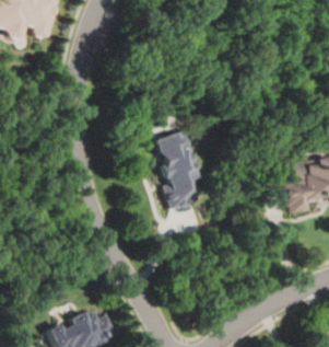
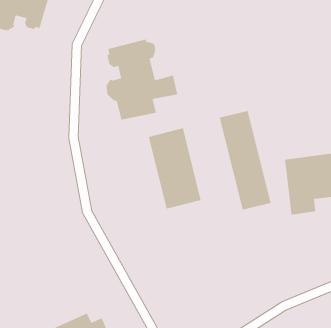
building: none -> [106,39,178,121]
building: none -> [219,110,271,210]

